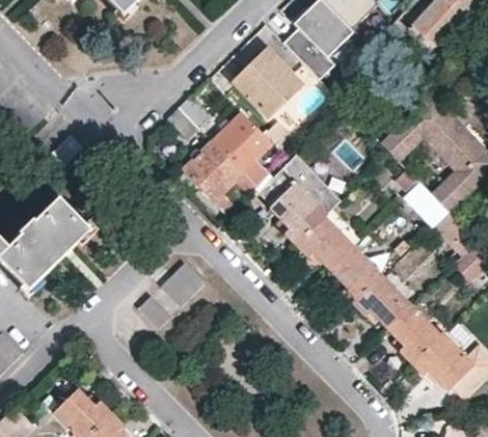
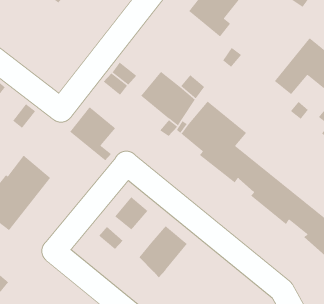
building: [235,48,302,114] -> none
building: [182,140,241,211] -> [69,106,116,161]
building: none -> [139,225,188,278]

